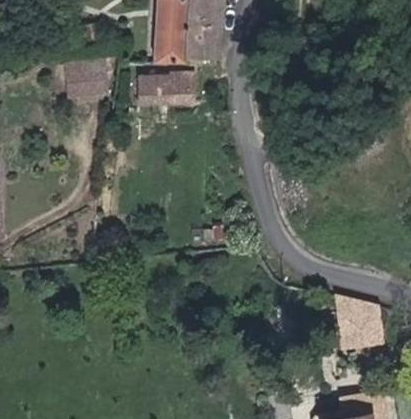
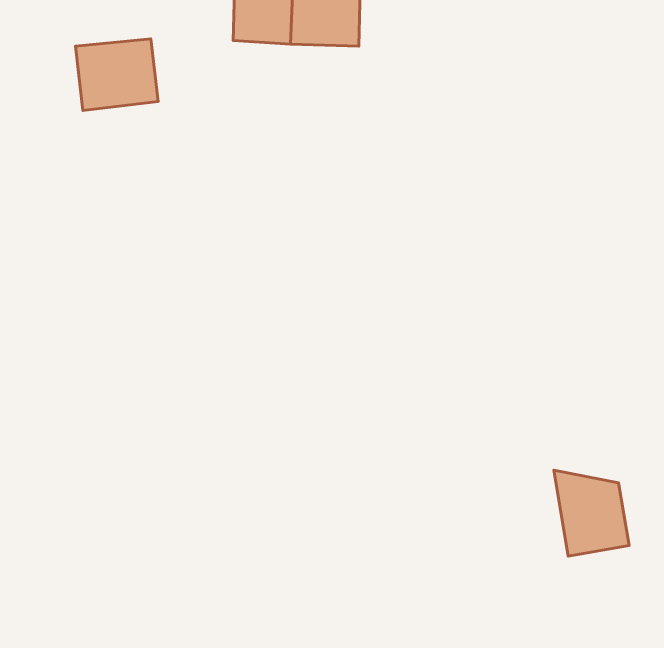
building: [138,72,198,108] -> none

